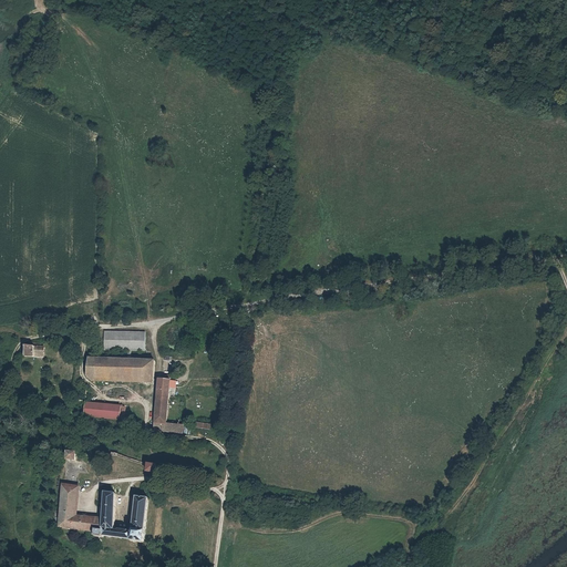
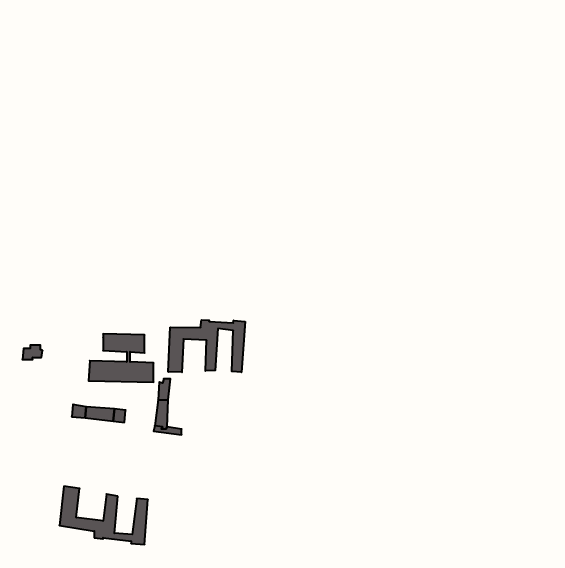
building: none -> [168,320,245,372]

